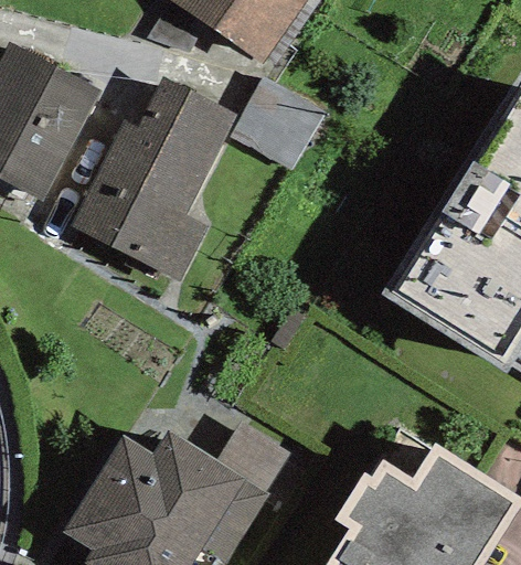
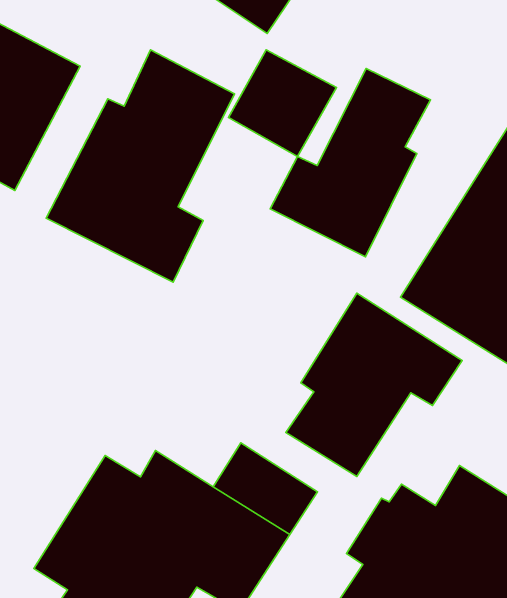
building: none -> [270,69,430,257]
building: none -> [286,293,462,476]

